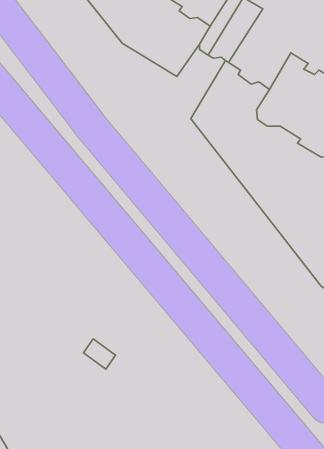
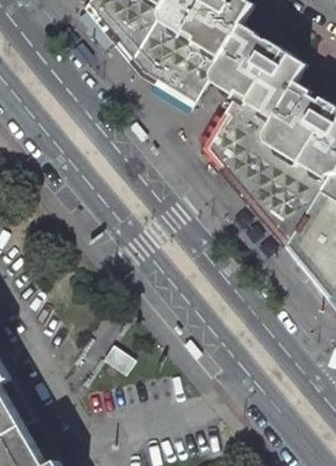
building: none -> [241,41,310,116]

